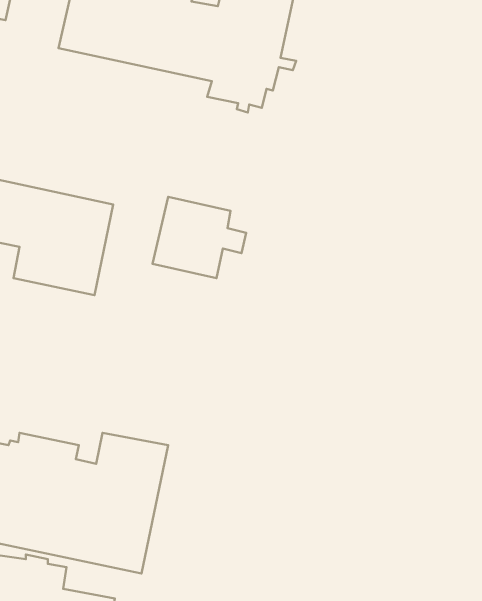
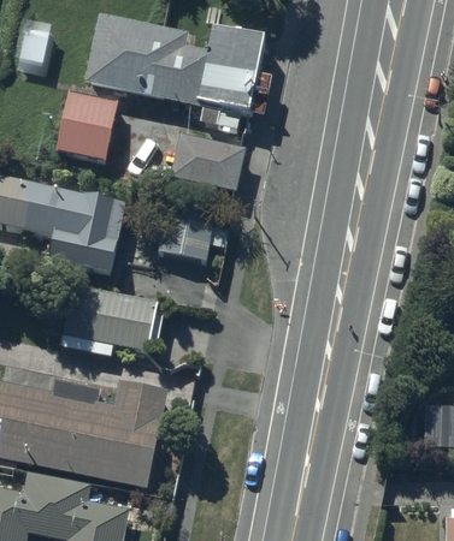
building: none -> [57,93,119,162]
building: none -> [170,135,246,194]
building: none -> [59,283,159,356]

